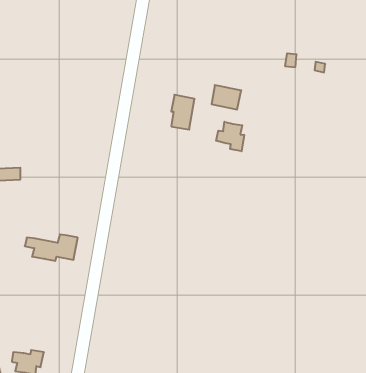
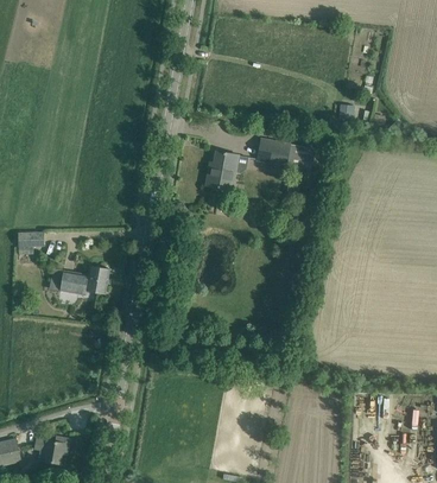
building: [216,122,244,151] -> none
building: [25,234,78,261] -> [51,266,110,295]

